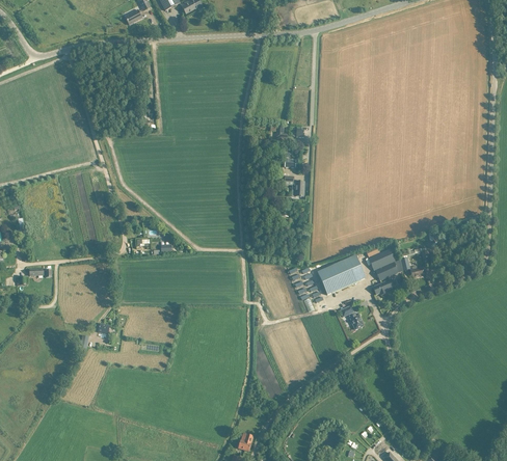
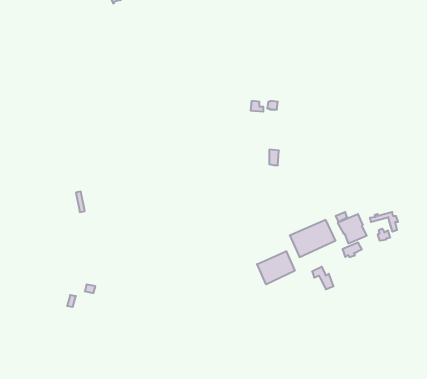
building: none -> [257,251,295,284]

